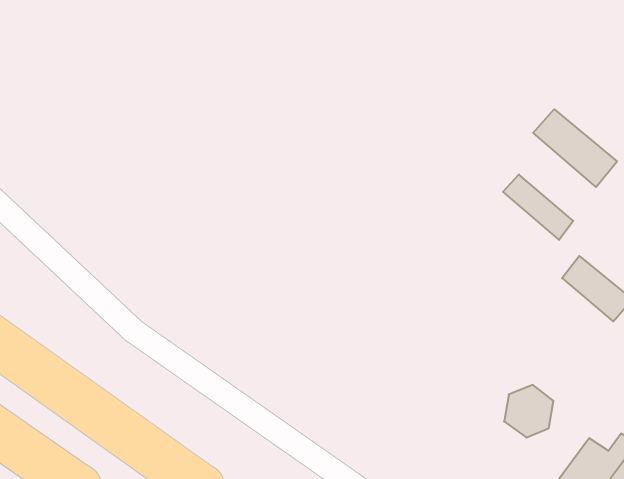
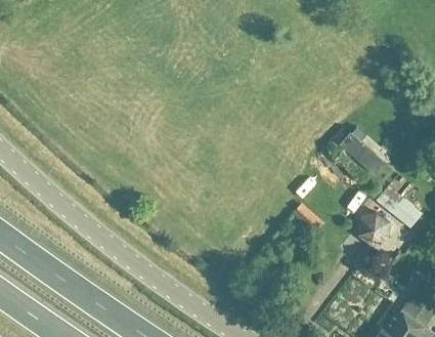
building: [533,109,617,187] -> none
building: [504,385,554,438] -> [360,210,392,244]

